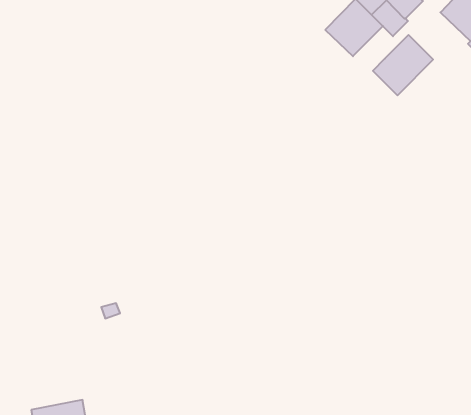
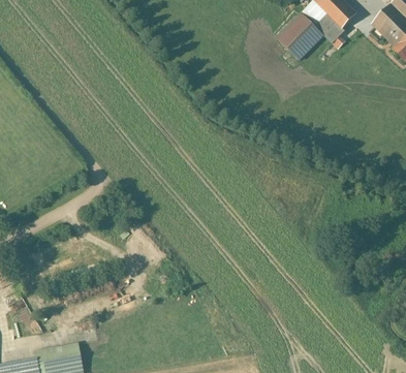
building: [373,35,433,95] -> none

